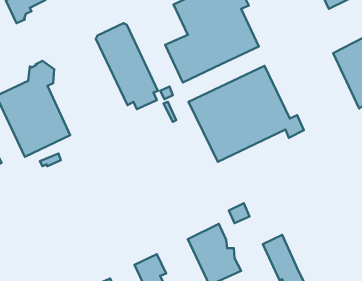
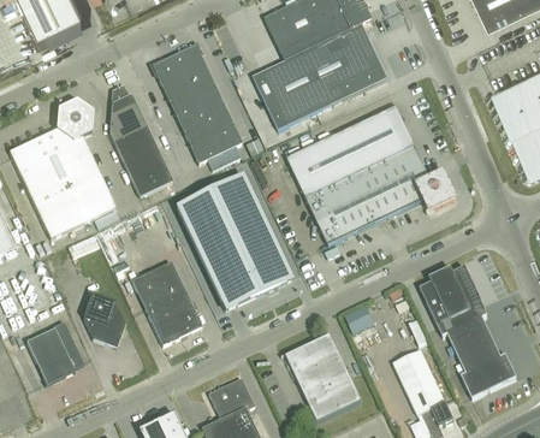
building: none -> [109,93,172,196]
building: none -> [176,174,291,309]
building: none -> [131,261,201,345]
building: none -> [420,267,517,398]
building: none -> [83,292,125,347]
building: none -> [26,321,84,385]

